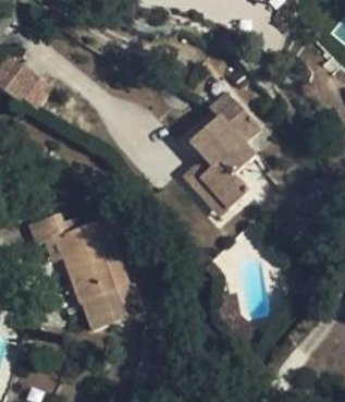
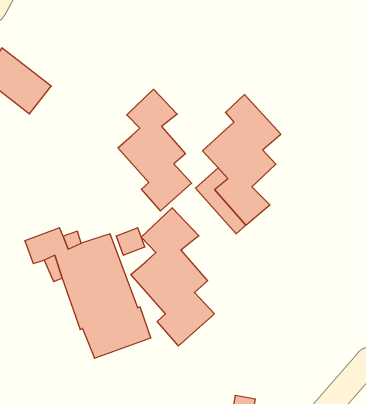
building: none -> [118,89,192,211]
building: none -> [131,208,214,346]

